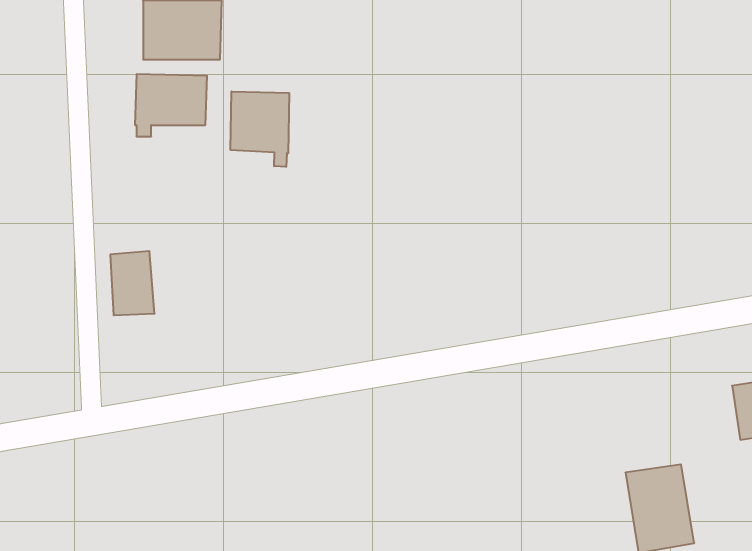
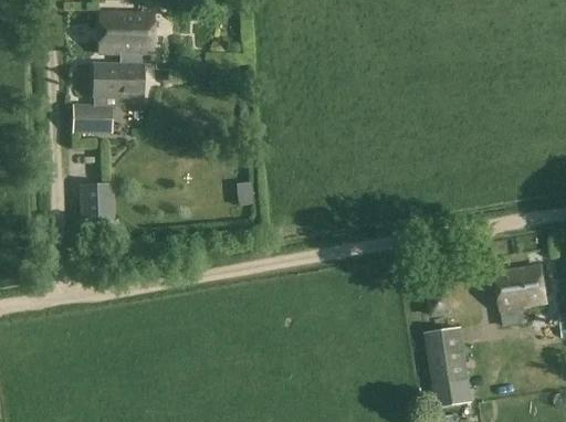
building: [231,91,289,167] -> none
building: none -> [75,105,106,131]

